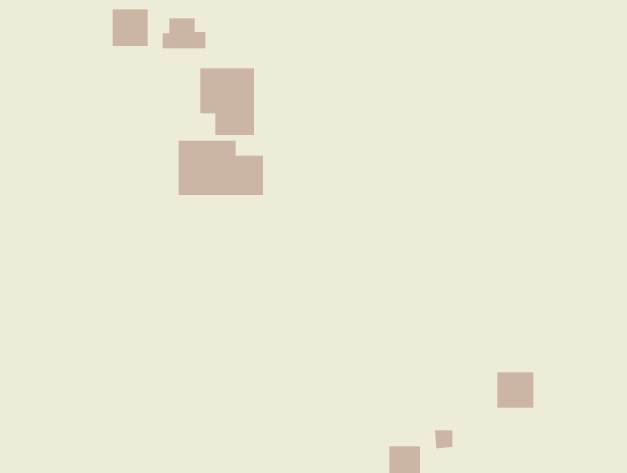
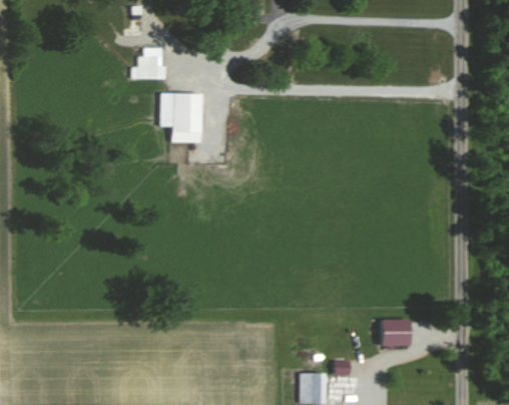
building: [112,9,148,47] -> none
building: [178,140,263,196] -> none

